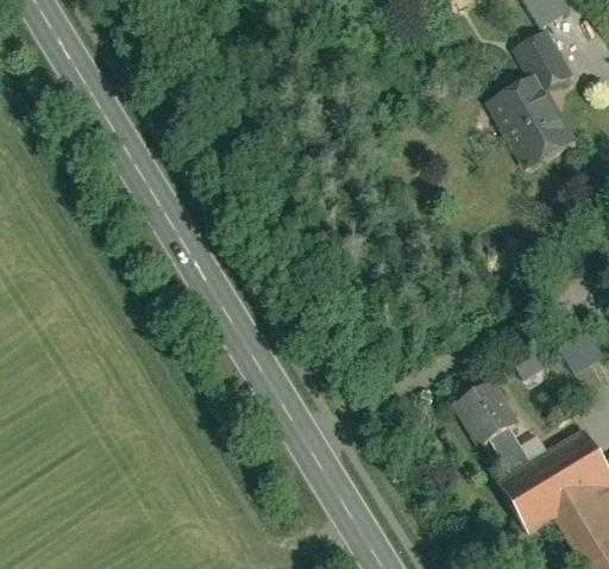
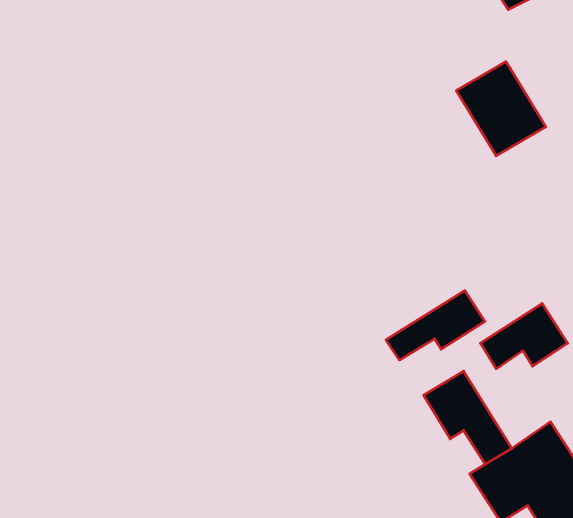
building: [511,30,565,83] -> none
building: none -> [386,291,485,360]

